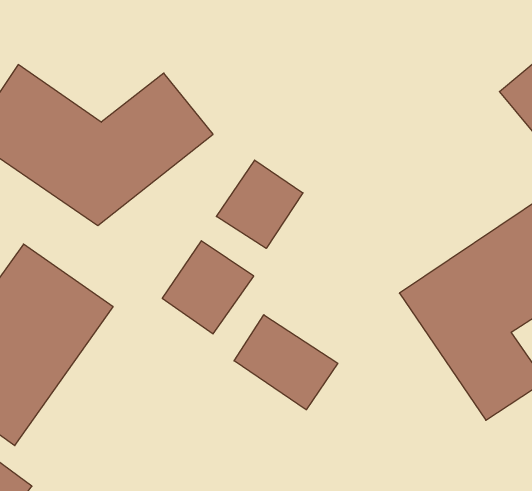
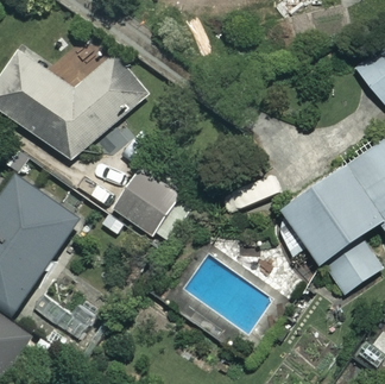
building: [216,160,303,248] -> none
building: [234,315,338,410] -> none

